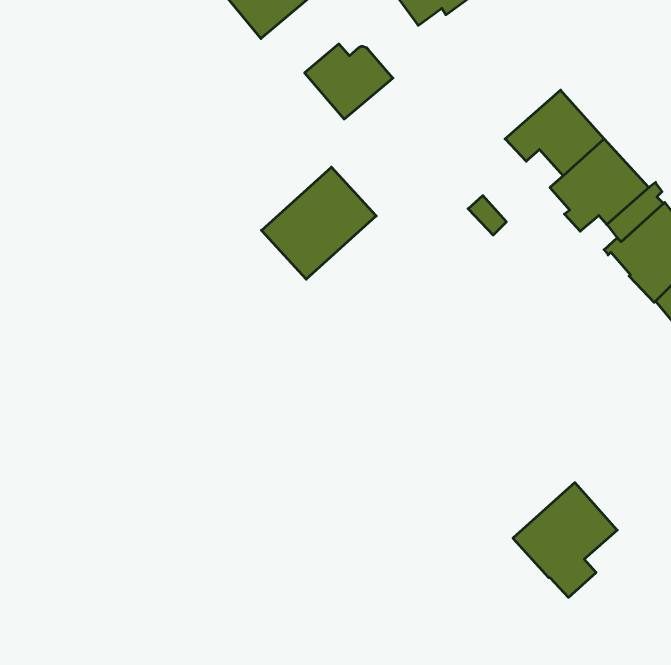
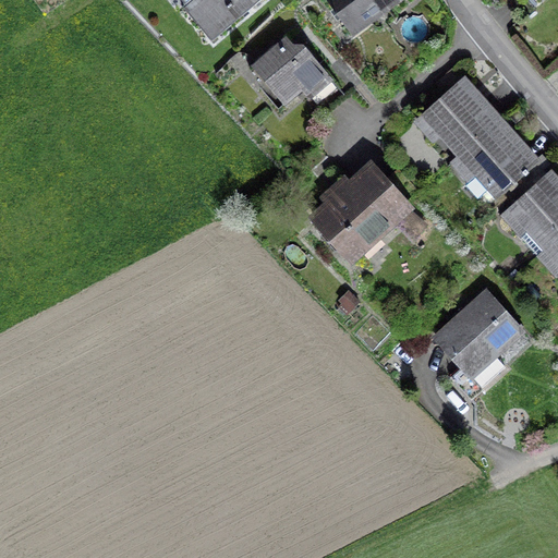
building: [261,167,376,279] -> [314,165,409,257]
building: [513,483,617,597] -> [436,290,522,385]

